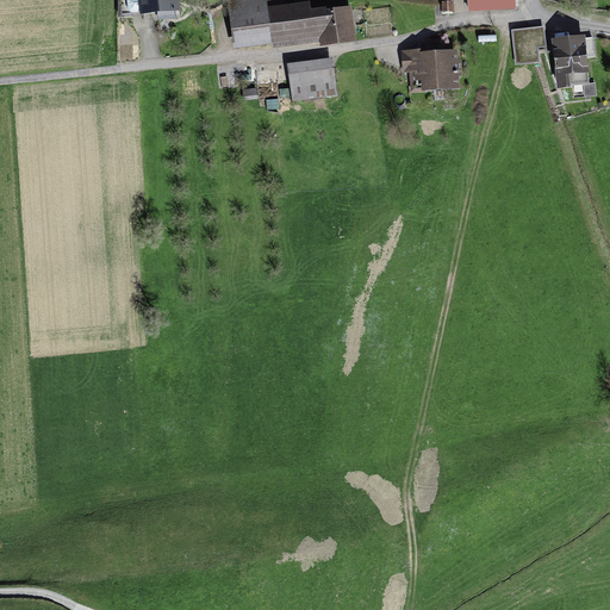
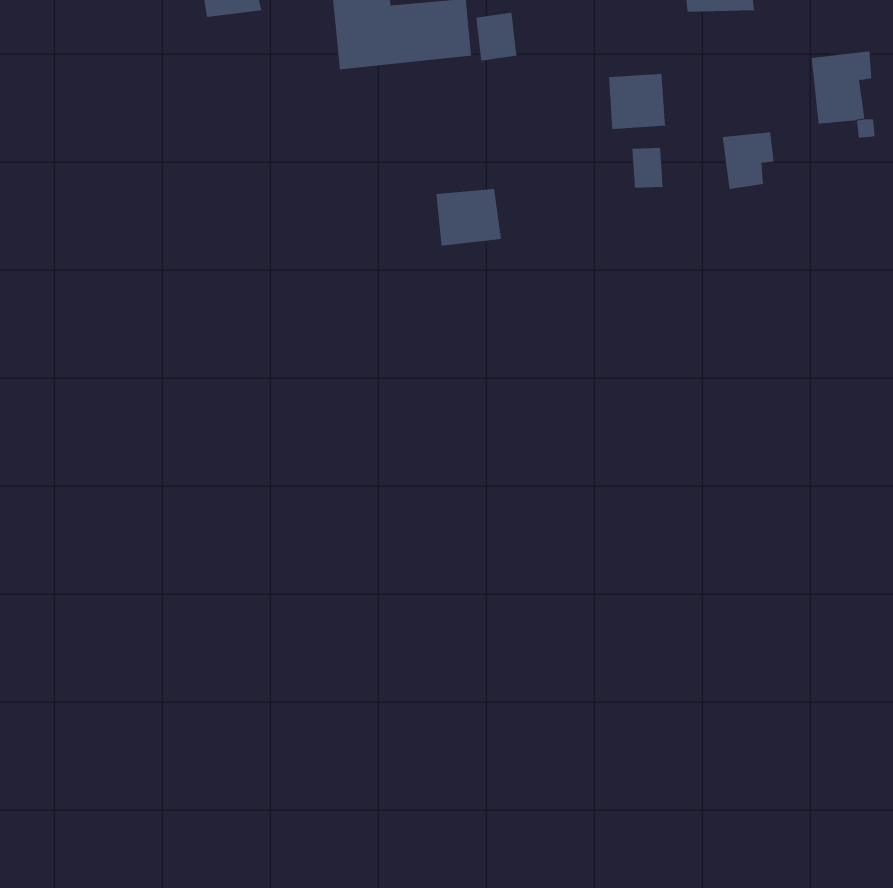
building: [511,24,547,63] -> [722,132,774,189]
building: [290,60,335,99] -> [435,189,502,246]
building: none -> [632,147,663,189]

